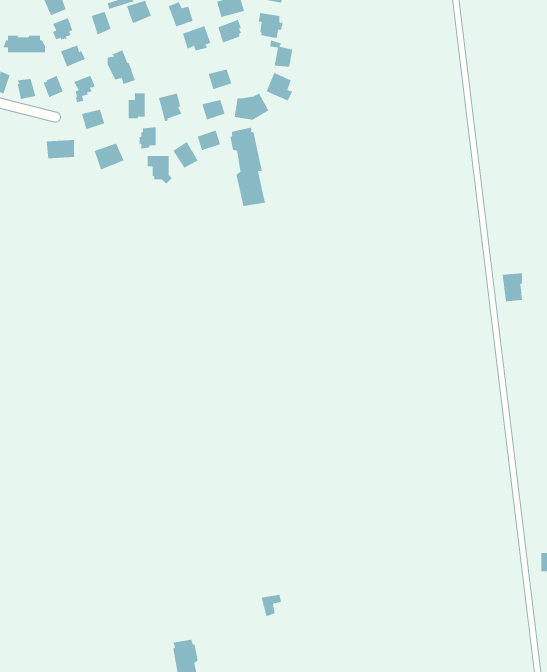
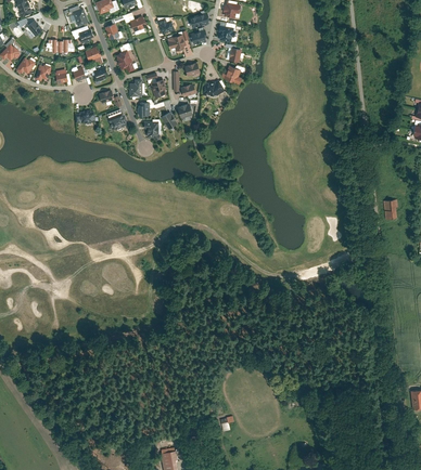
building: [230,127,265,207] -> none

